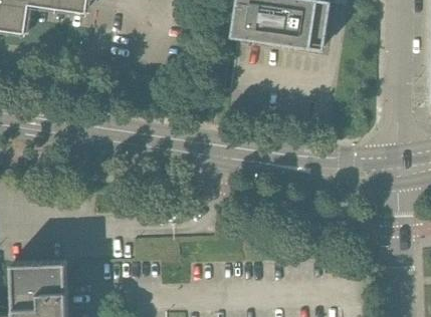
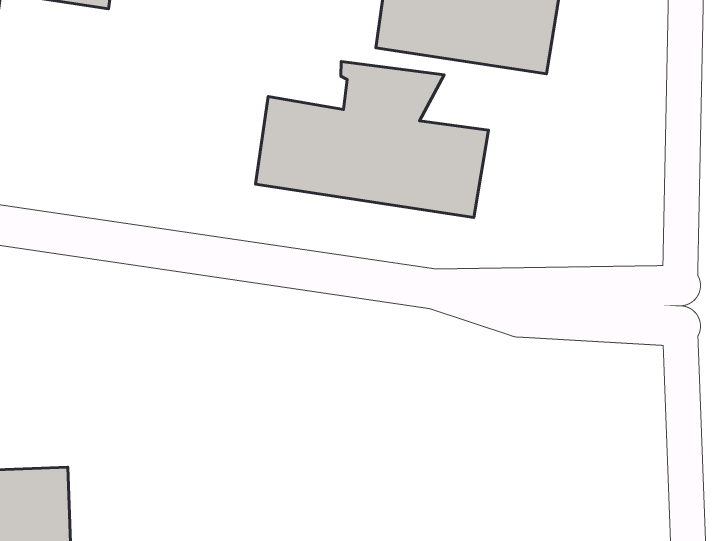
building: none -> [256,62,489,217]

